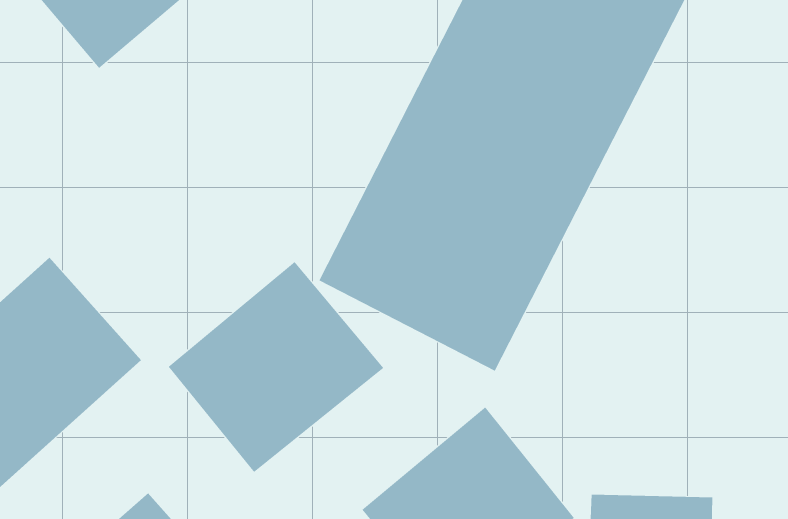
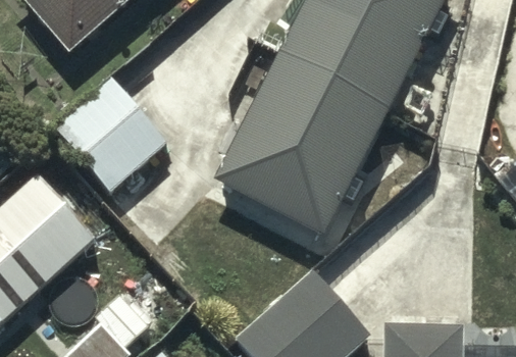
building: none -> [55,78,168,193]
building: [168,261,384,473] -> none

